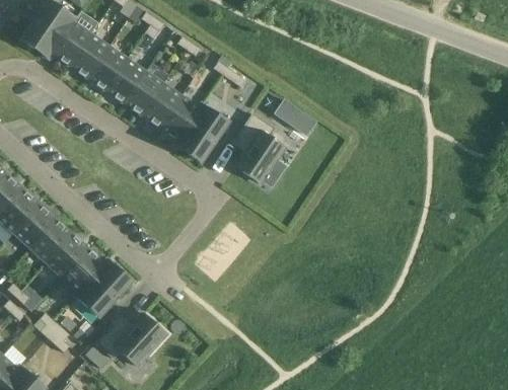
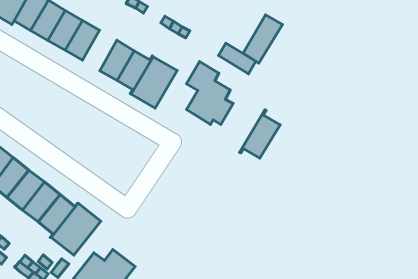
building: none -> [243,15,282,63]
building: [125,72,164,116] -> none
building: none -> [239,110,280,158]

